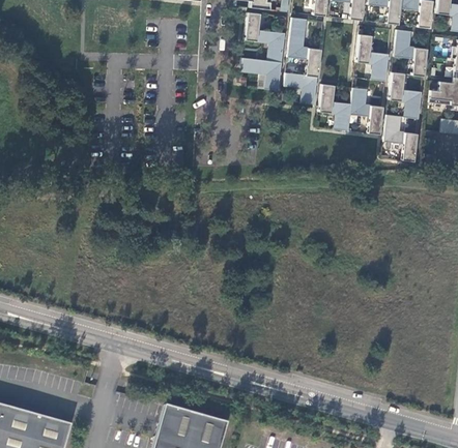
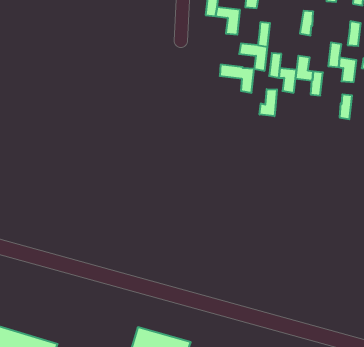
building: [394,29,414,58] -> none
building: [288,30,309,59] -> none
building: [368,52,389,81] -> none
building: [241,57,282,90] -> [220,65,254,93]
building: [384,114,405,144] -> none
building: none -> [260,89,277,116]

